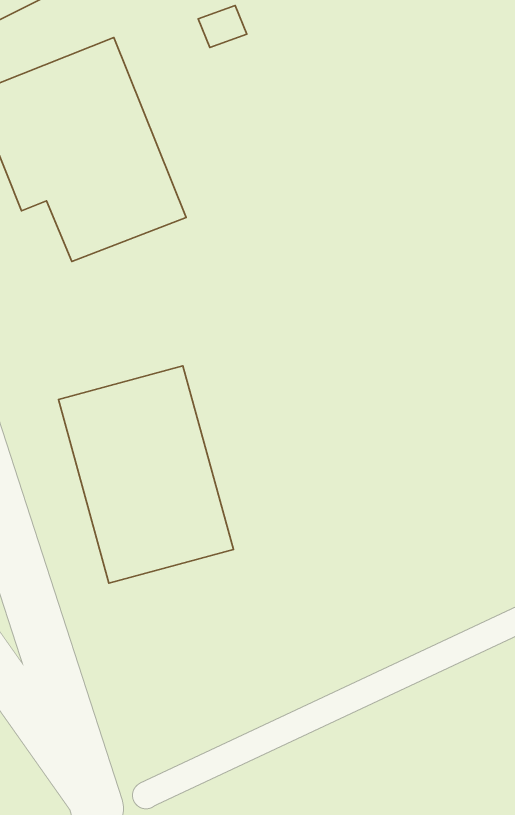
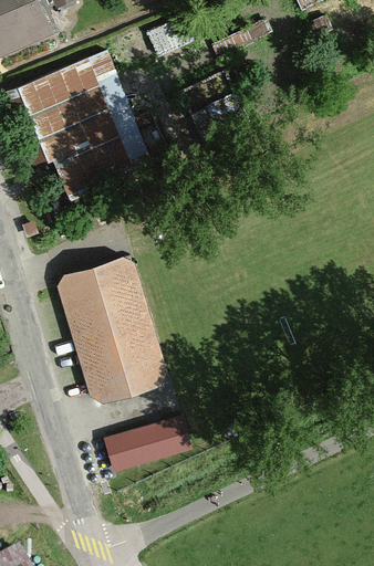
building: none -> [103,421,185,479]

